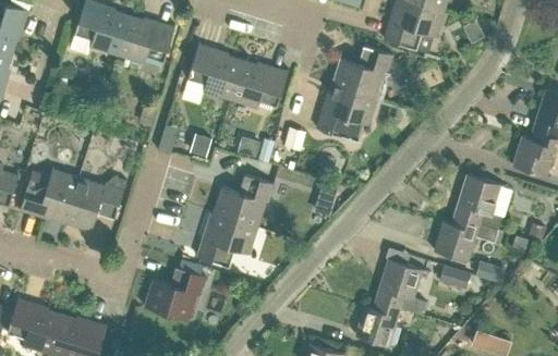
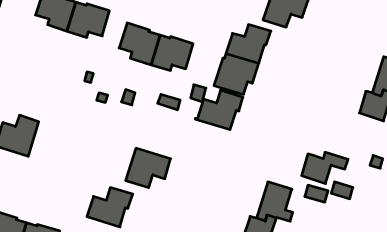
building: [210,173,275,226] -> [195,90,243,130]
building: [451,173,501,228] -> none
building: [65,174,126,229] -> none

